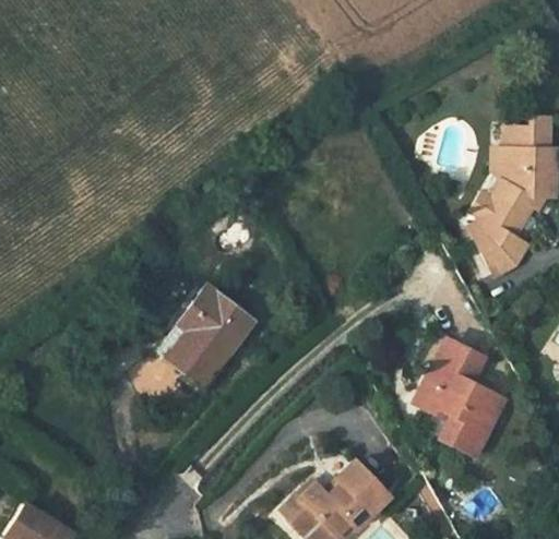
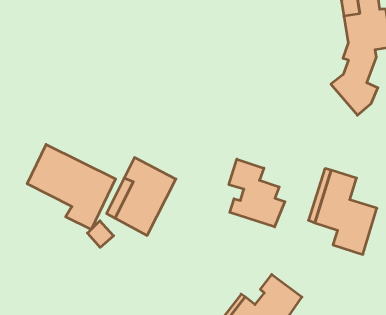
building: [465,148,501,232] -> none
building: none -> [27,144,116,230]
building: none -> [229,159,285,227]

